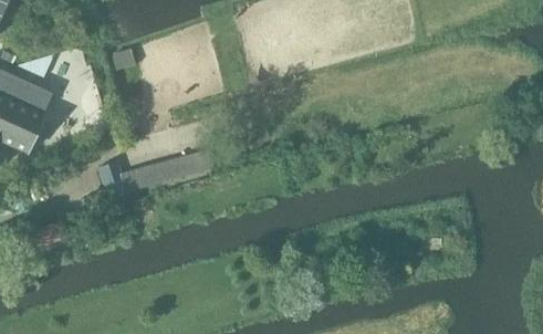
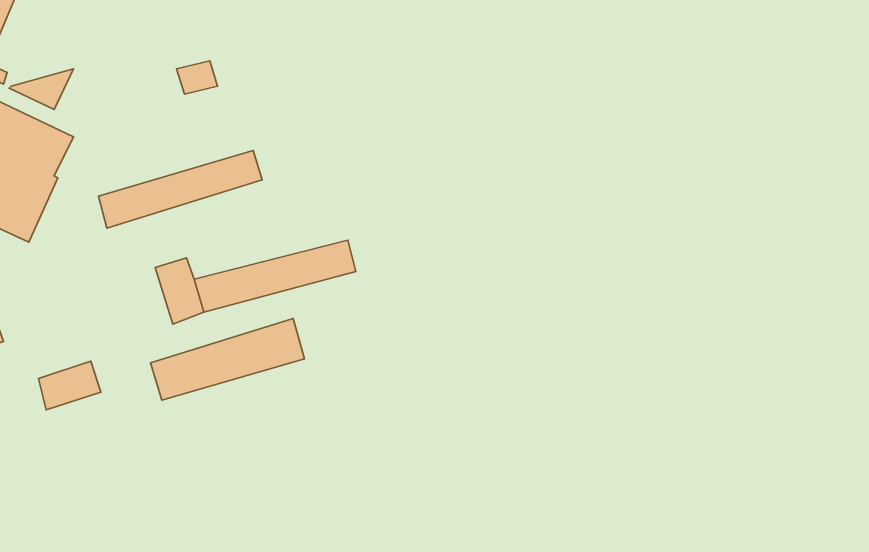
building: none -> [98,150,262,228]
building: none -> [150,319,304,400]

